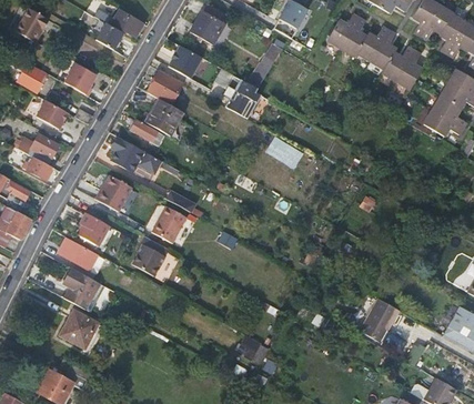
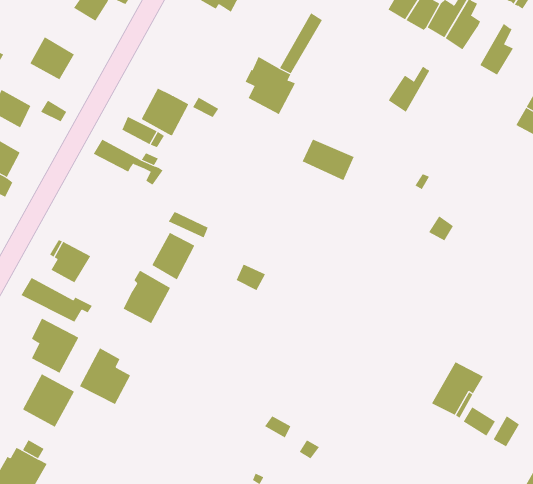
building: [169,44,201,78] -> none
building: [383,47,414,81] -> [388,66,430,113]
building: [148,70,183,103] -> none
building: [97,173,134,209] -> none
building: none -> [79,348,131,405]

